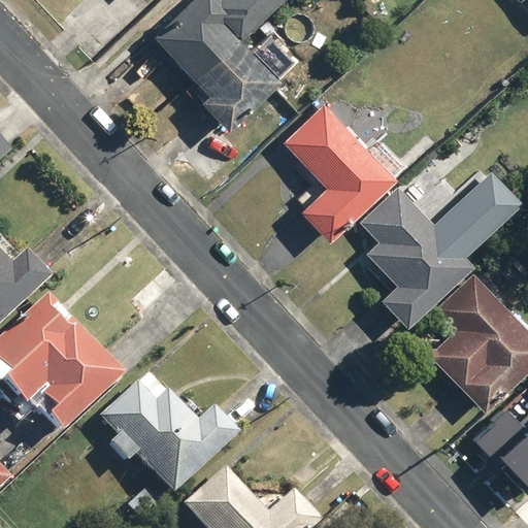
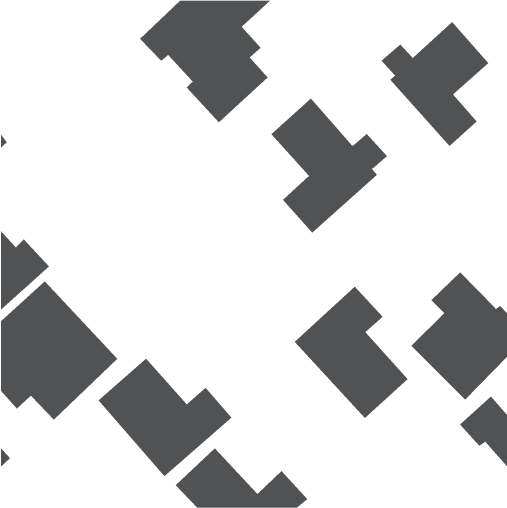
building: none -> [381,21,489,147]
building: [363,173,522,328] -> none
building: none -> [294,286,409,419]

